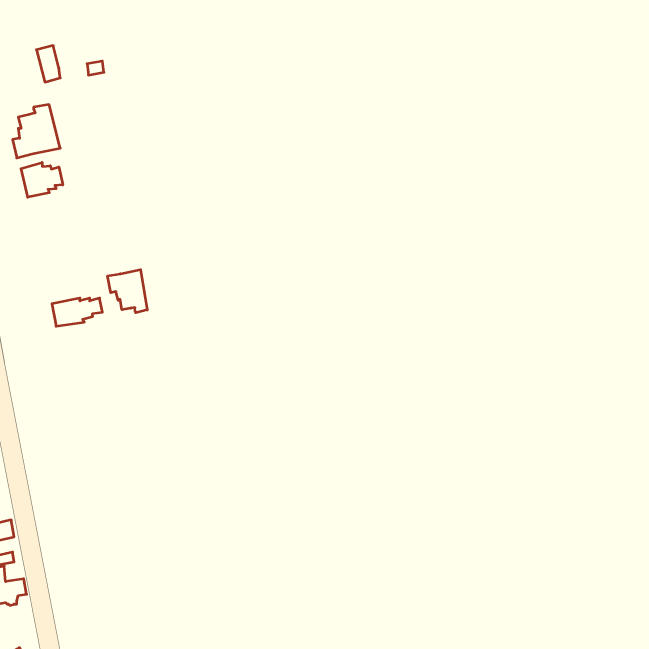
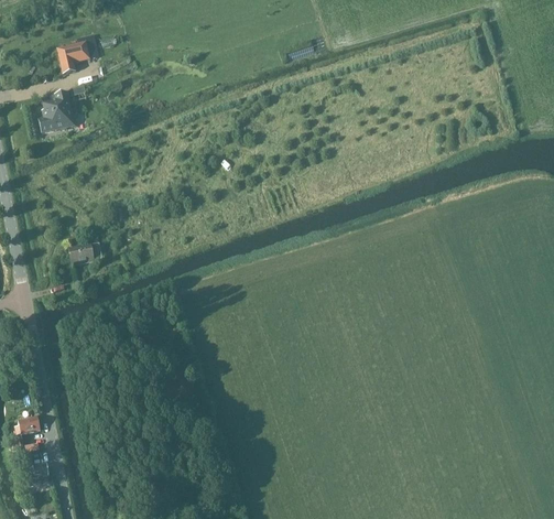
building: [21,162,63,197] -> none
building: [108,270,147,313] -> none

